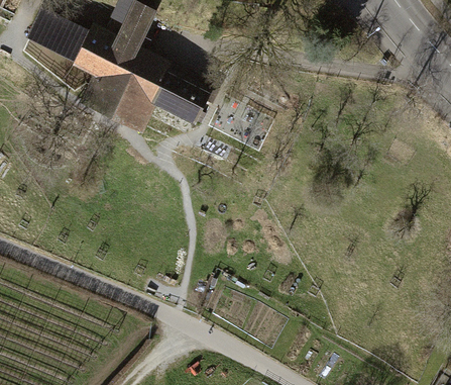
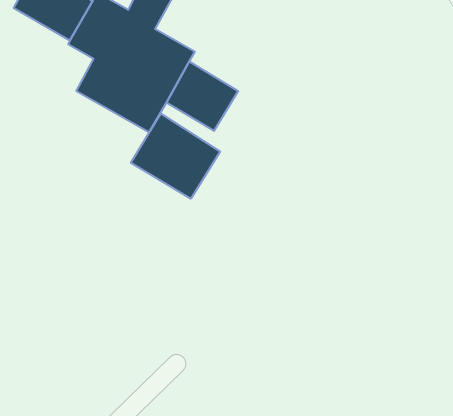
building: none -> [131,113,220,199]

